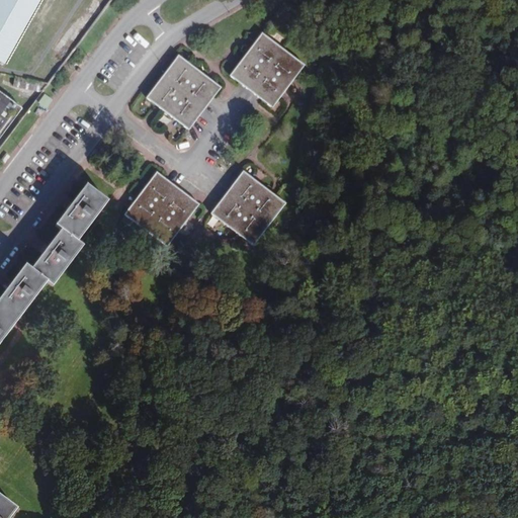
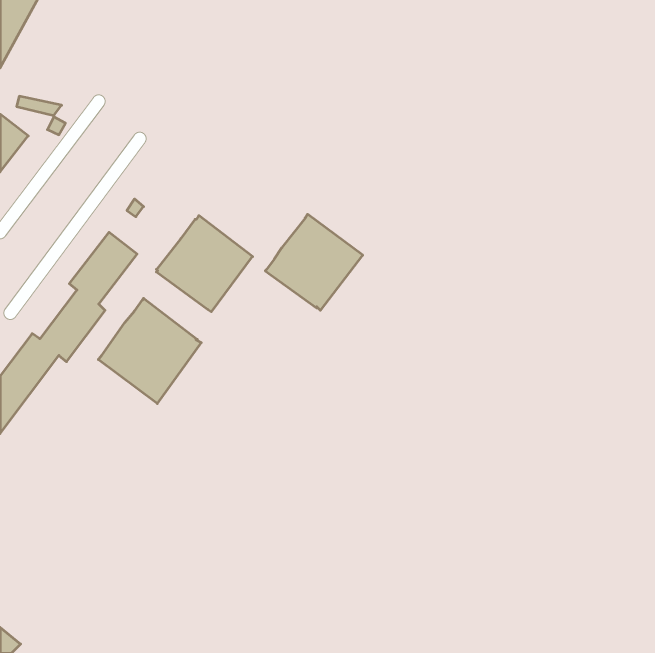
building: [229,34,299,105] -> none
building: [146,54,222,128] -> none
building: none -> [98,298,201,404]

